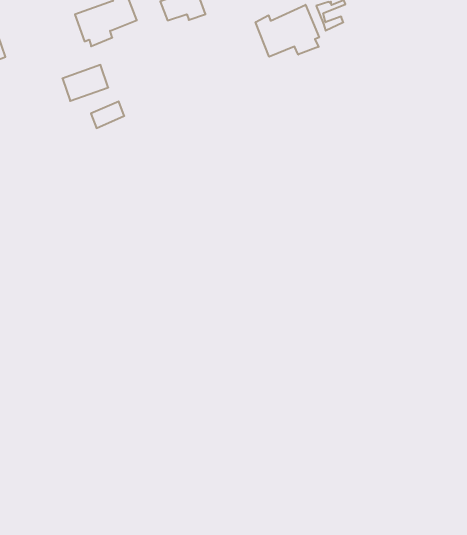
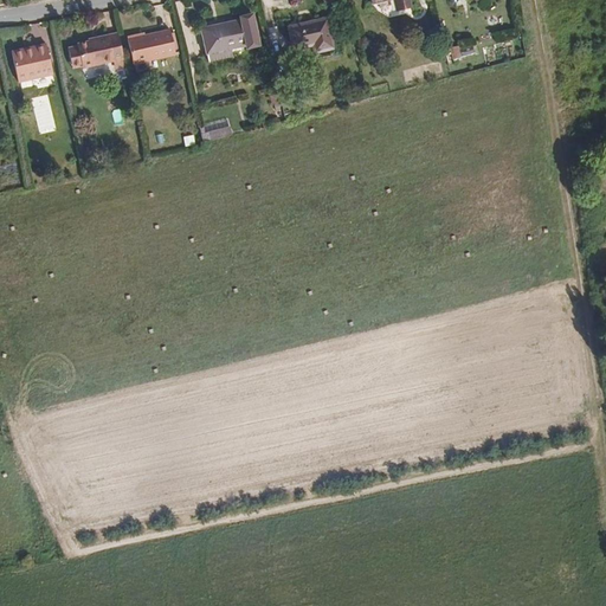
building: [256,5,319,57] -> none
building: [62,65,108,101] -> [129,32,174,64]

